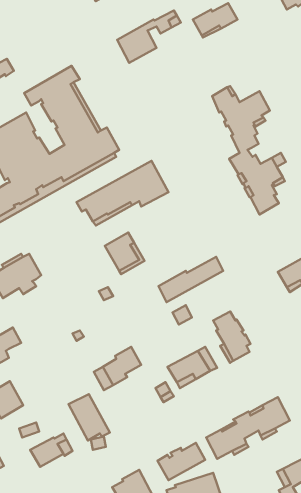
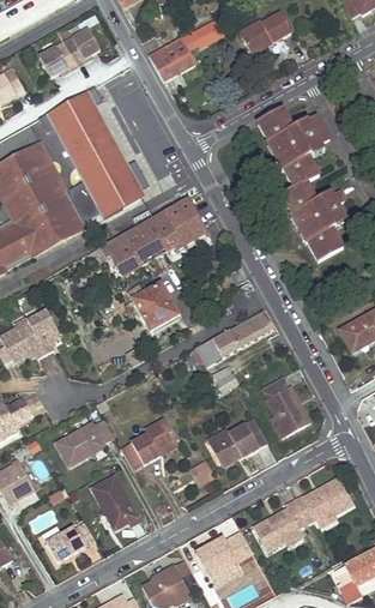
building: none -> [37,28,98,77]
building: none -> [54,417,114,465]

